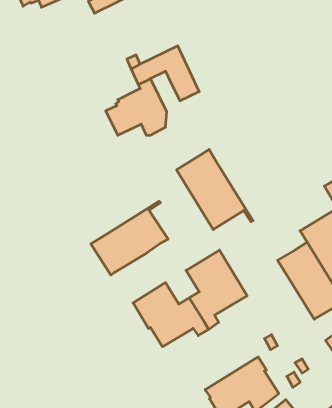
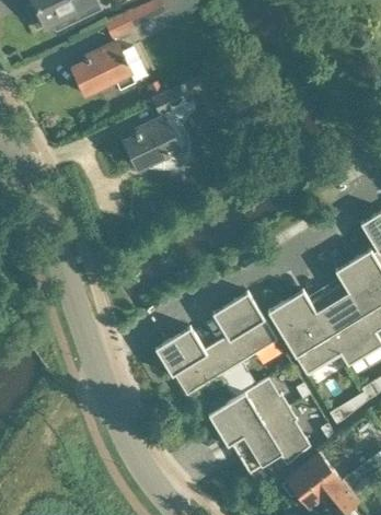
building: none -> [72,42,147,94]
building: [177,149,253,230] -> [267,290,349,376]
building: [91,201,168,275] -> none
building: none -> [208,377,289,446]

